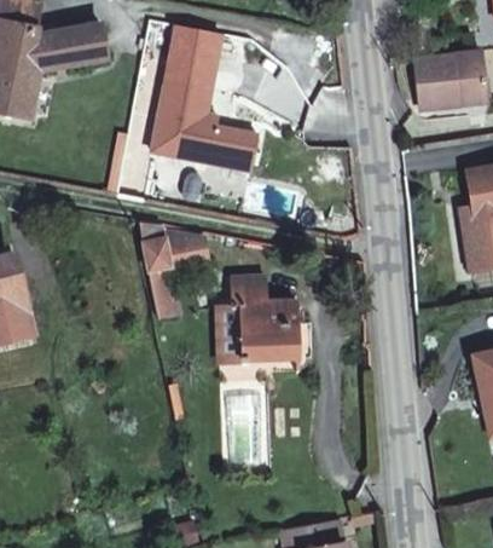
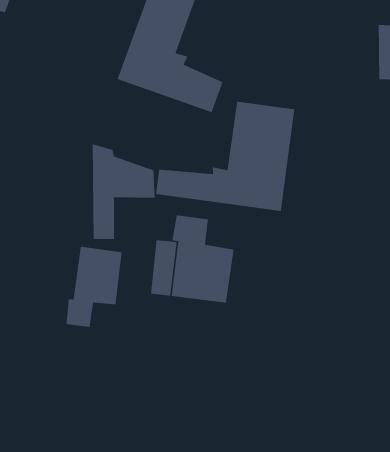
building: none -> [155,101,295,212]
building: none -> [65,246,123,328]

